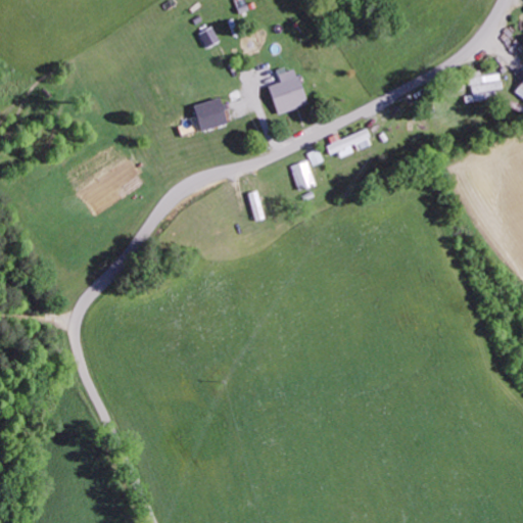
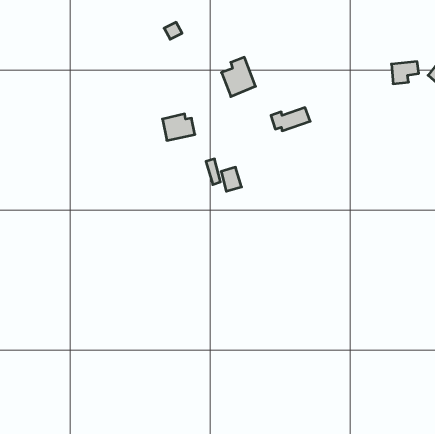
building: [193,98,232,130] -> [162,114,195,140]
building: [291,160,316,189] -> [221,167,242,191]

